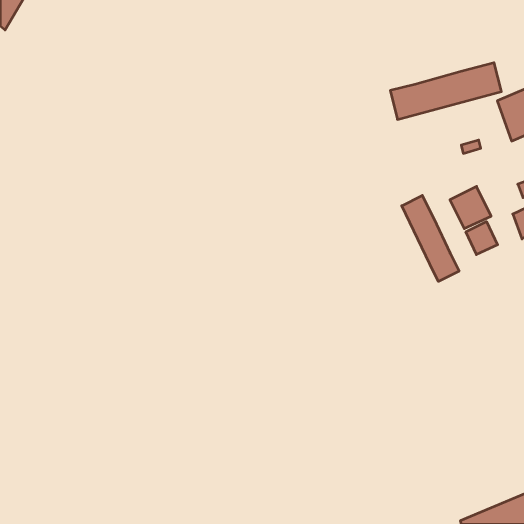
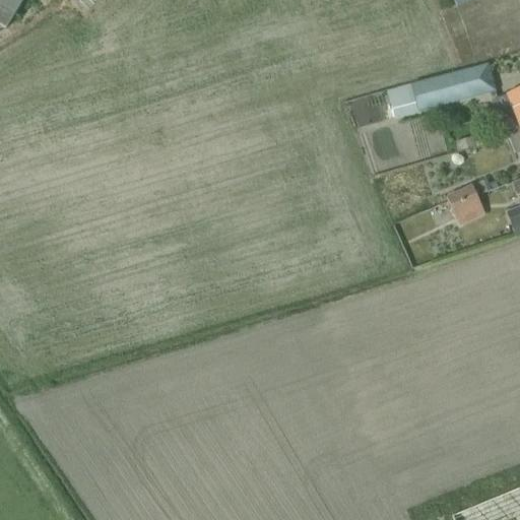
building: [402,195,459,281] -> none
building: [466,222,498,255] -> none

